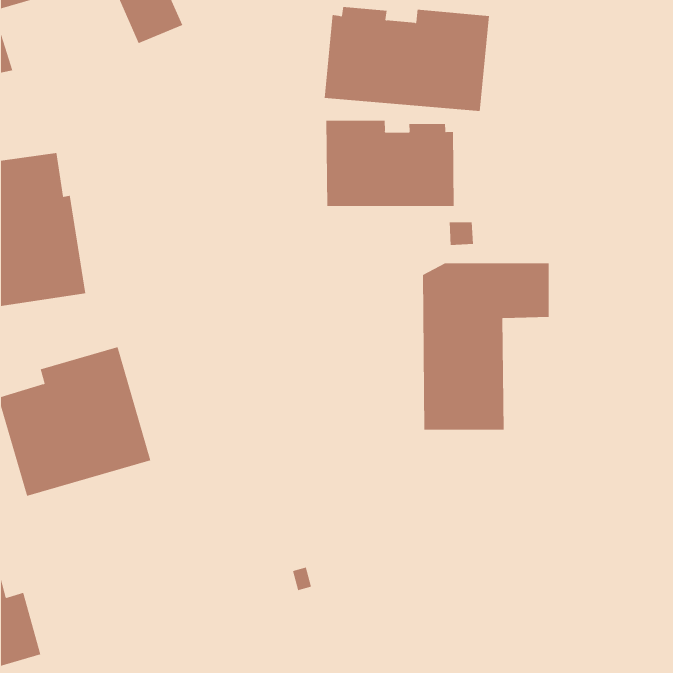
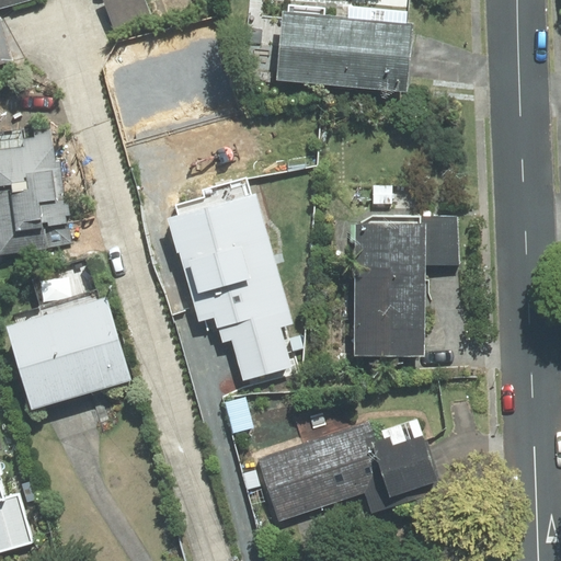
building: [326,120,454,207] -> none
building: none -> [154,193,294,365]
building: none -> [259,421,440,519]

